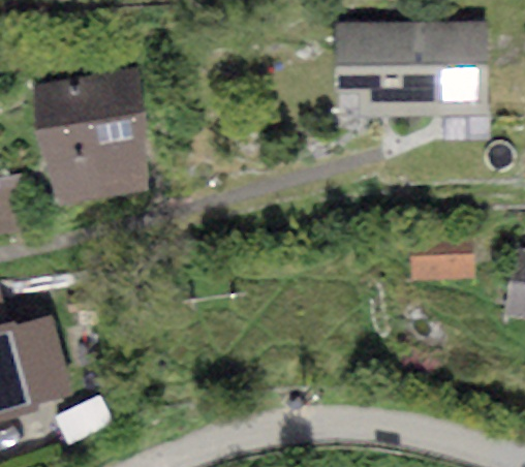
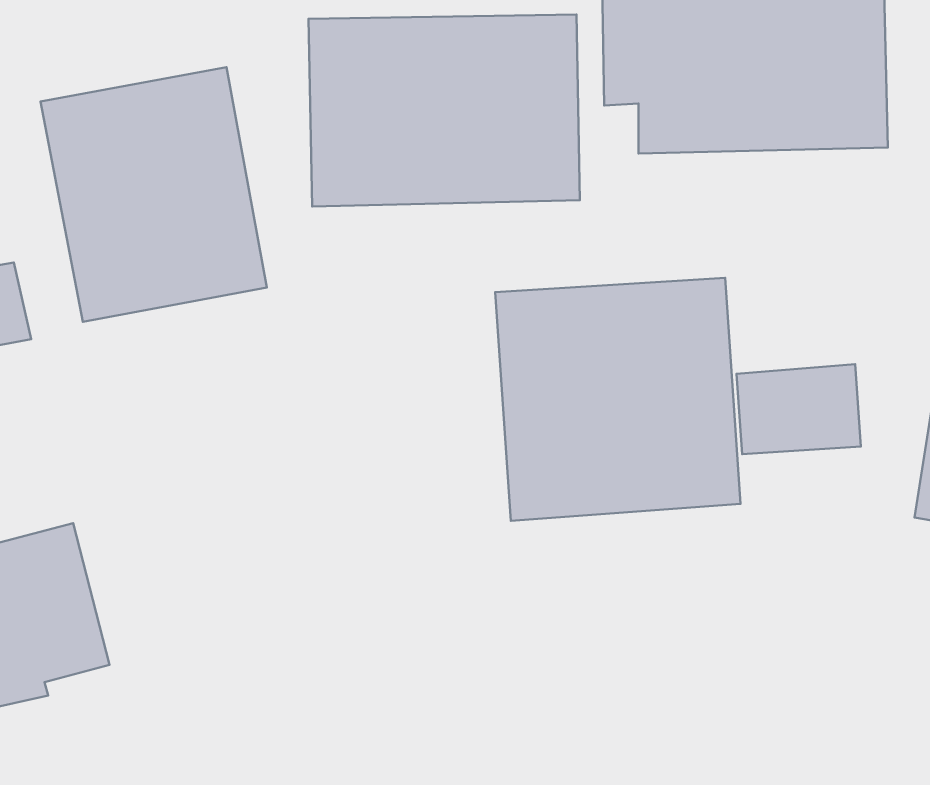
building: none -> [308,14,580,206]
building: none -> [495,278,741,521]

